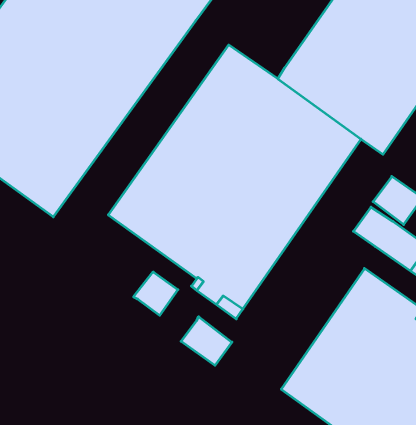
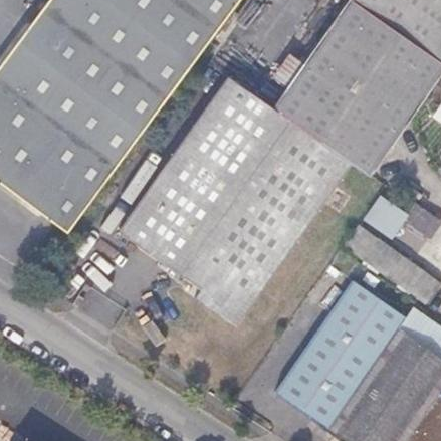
building: [134,272,178,315] -> none
building: [181,317,232,365] -> none

